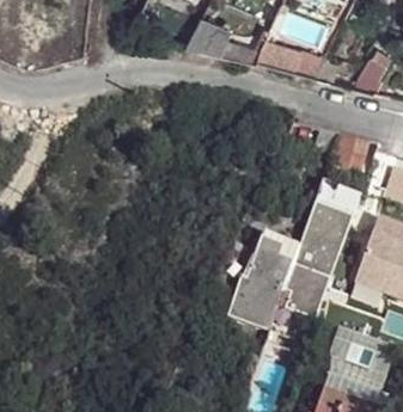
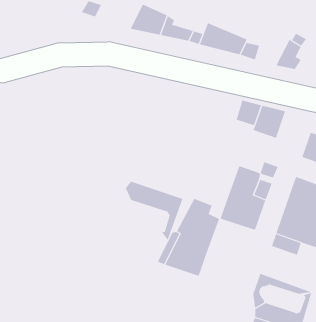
building: none -> [125,181,183,241]
building: [275,264,330,318] -> none

